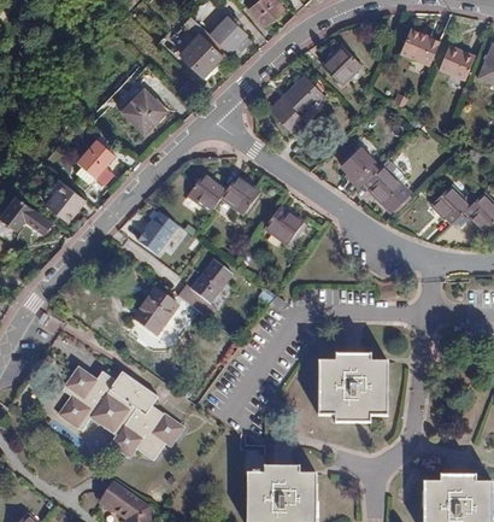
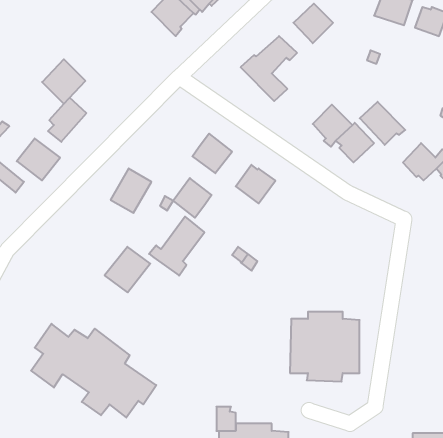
building: [123,88,166,133] -> [42,59,85,104]
building: none -> [360,102,405,145]
building: [188,172,227,212] -> [173,178,212,218]

